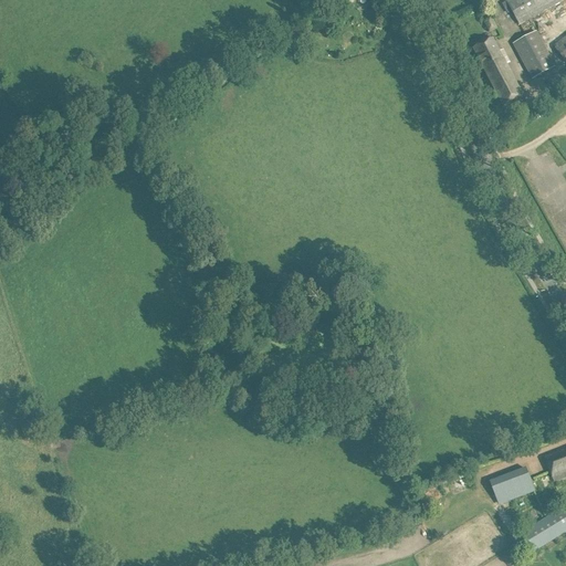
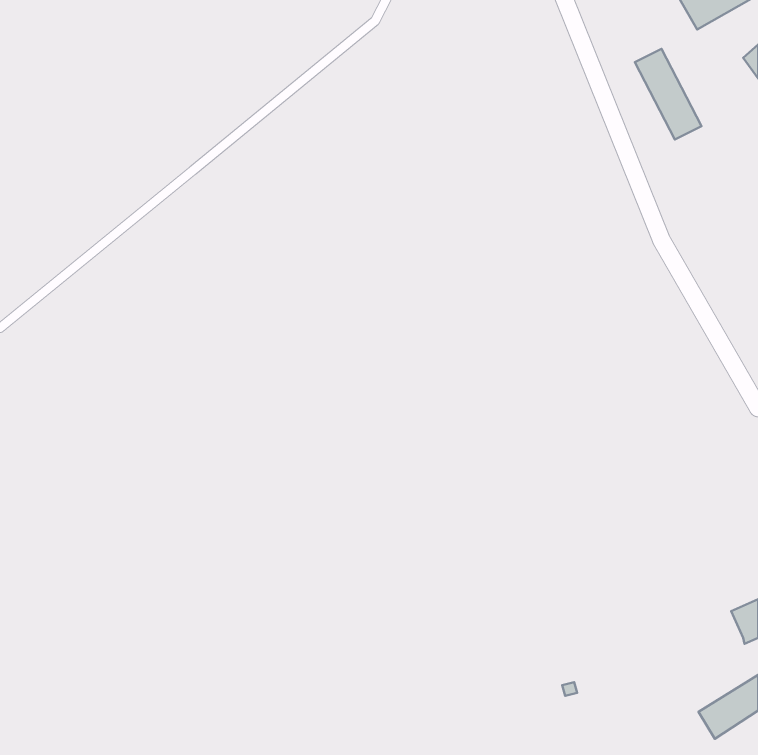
building: [513,29,556,77] -> none
building: [491,465,535,502] -> none

